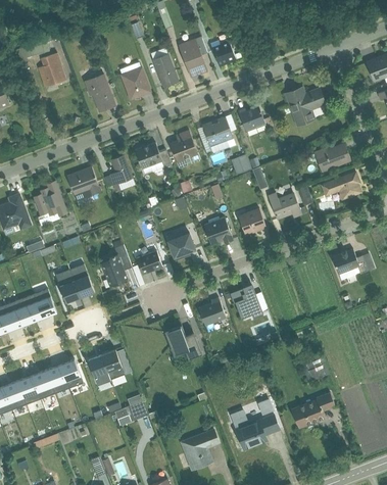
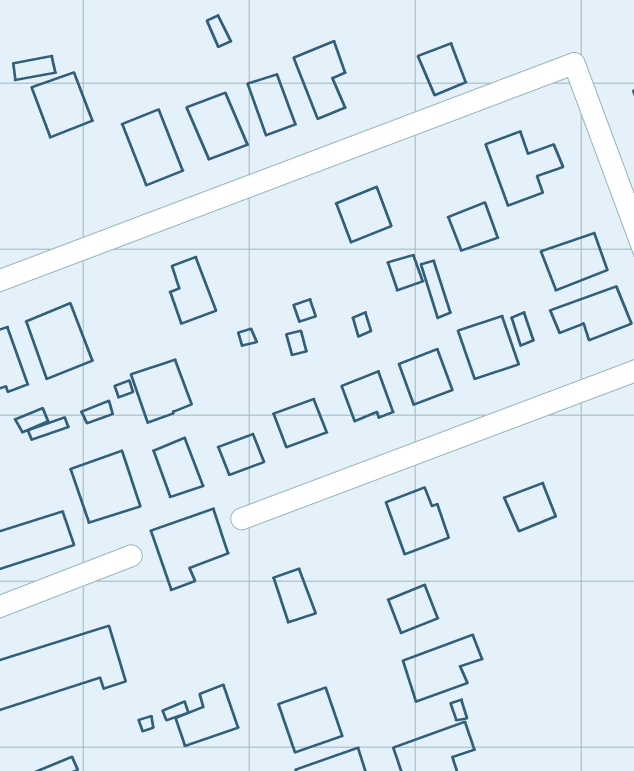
building: [210,38,237,66] -> [418,43,466,95]
building: [238,104,265,131] -> [448,203,498,250]
building: [168,131,197,161] -> none
building: [135,141,161,168] -> none
building: [65,166,99,201] -> [131,360,192,423]
building: [331,248,359,275] -> [504,483,556,531]
building: [197,299,225,326] -> [388,585,438,633]
building: [87,345,130,390] -> [151,509,228,590]
building: [290,391,334,428] -> [403,635,482,701]
building: none -> [279,688,342,752]

